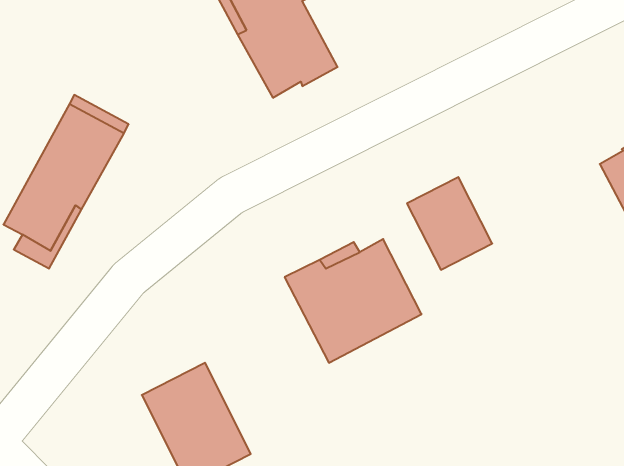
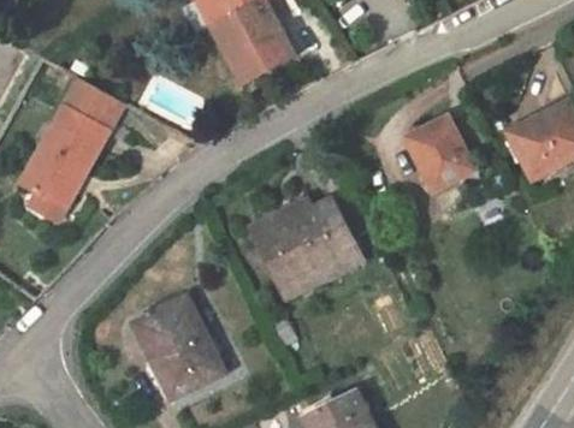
building: [407,177,492,270] -> [404,117,474,192]

